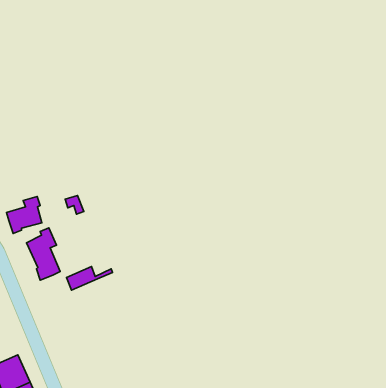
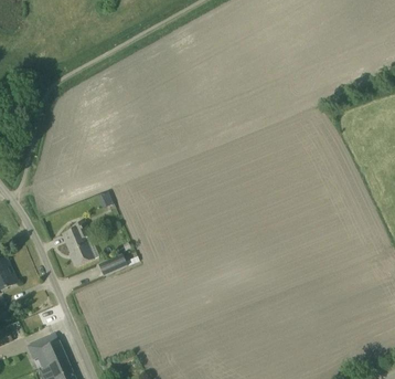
building: [7,196,42,233] -> none

